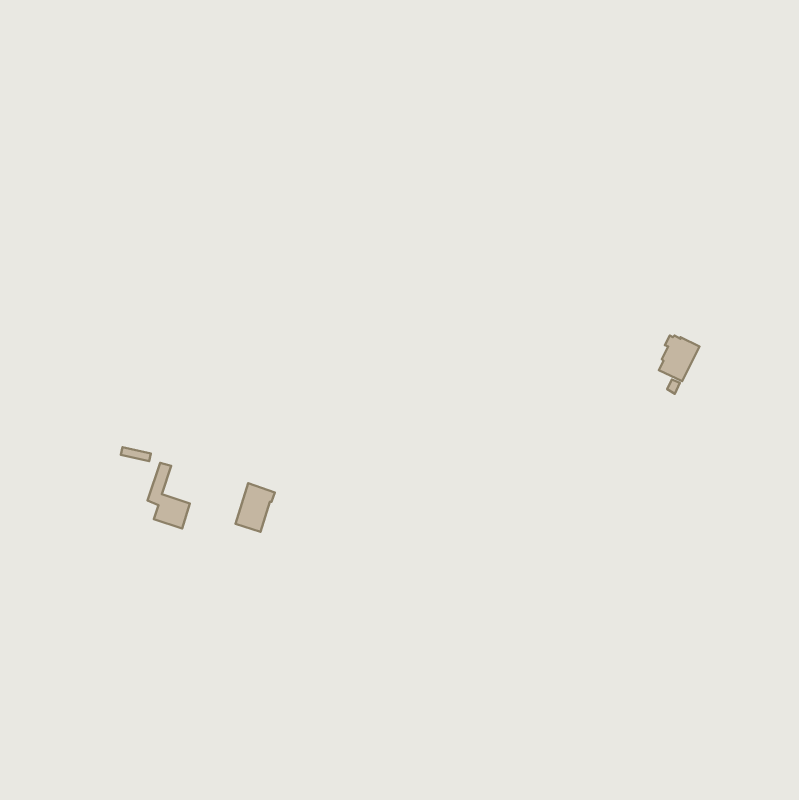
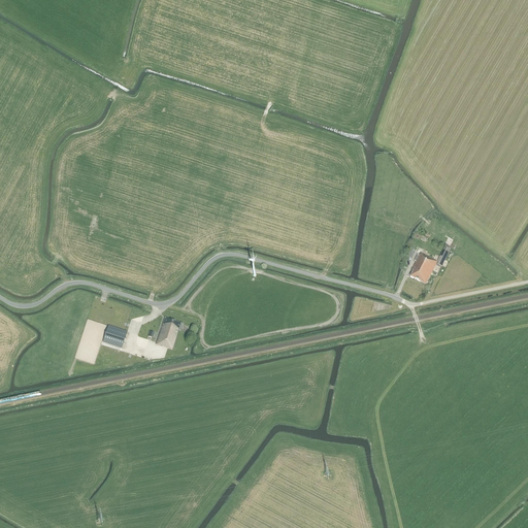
building: [659,336,699,381] -> [408,254,435,284]

